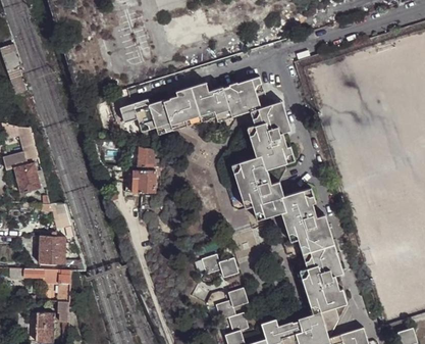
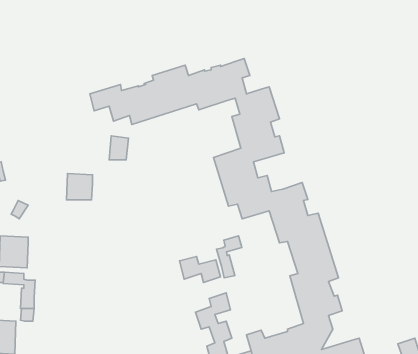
building: [131,168,155,192] -> [66,174,92,200]
building: none -> [217,236,242,278]

